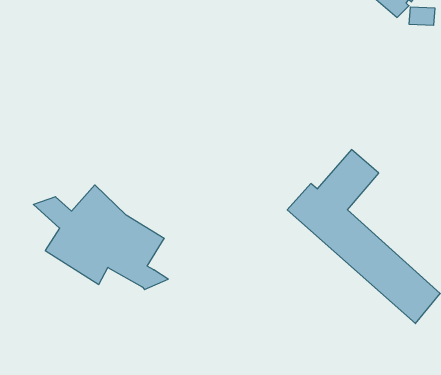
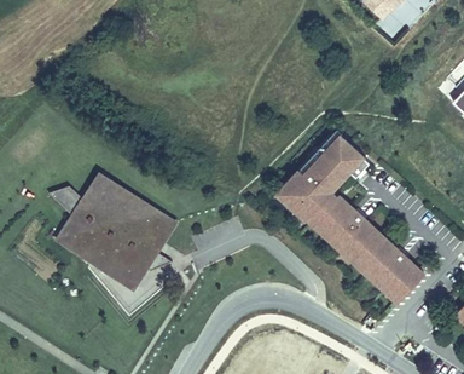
building: none -> [104,174,176,253]
building: none -> [53,235,147,290]

